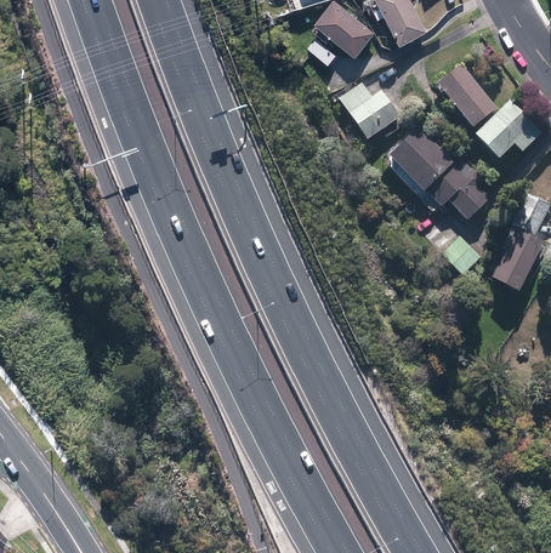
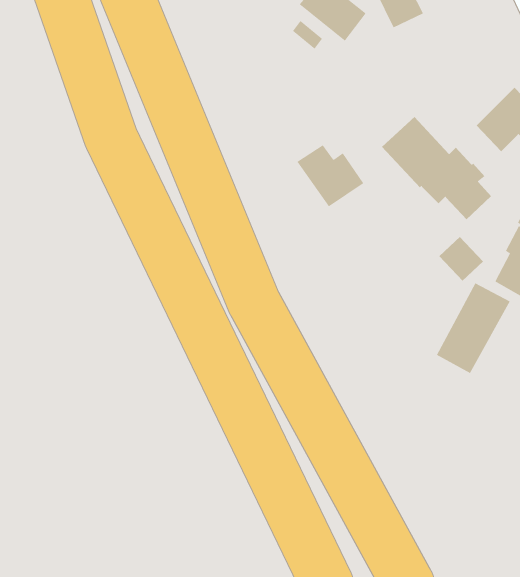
building: [437,64,496,127] -> none
building: [339,84,401,141] -> [296,144,364,207]
building: none -> [436,283,511,374]

